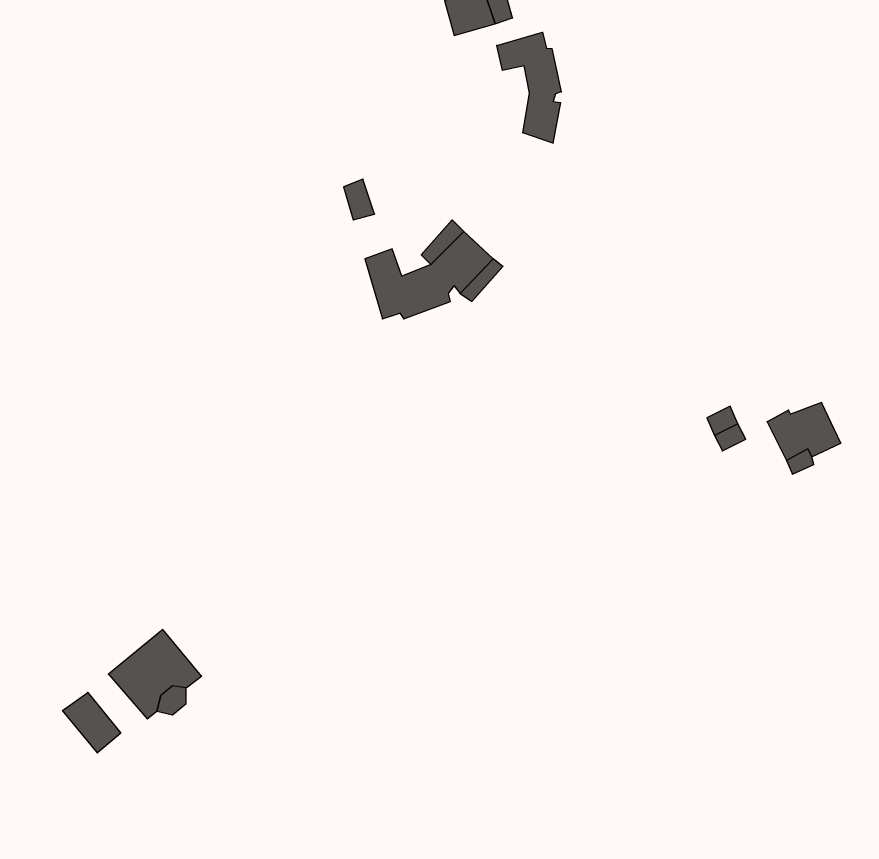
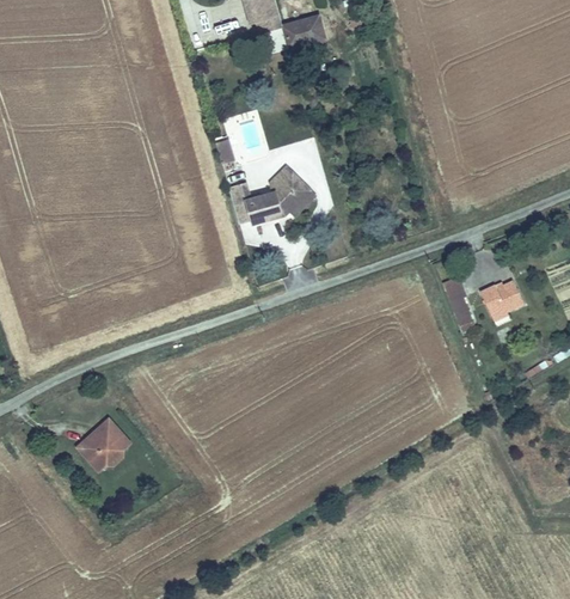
building: [497,32,561,143] -> none
building: [63,692,121,753] -> none

